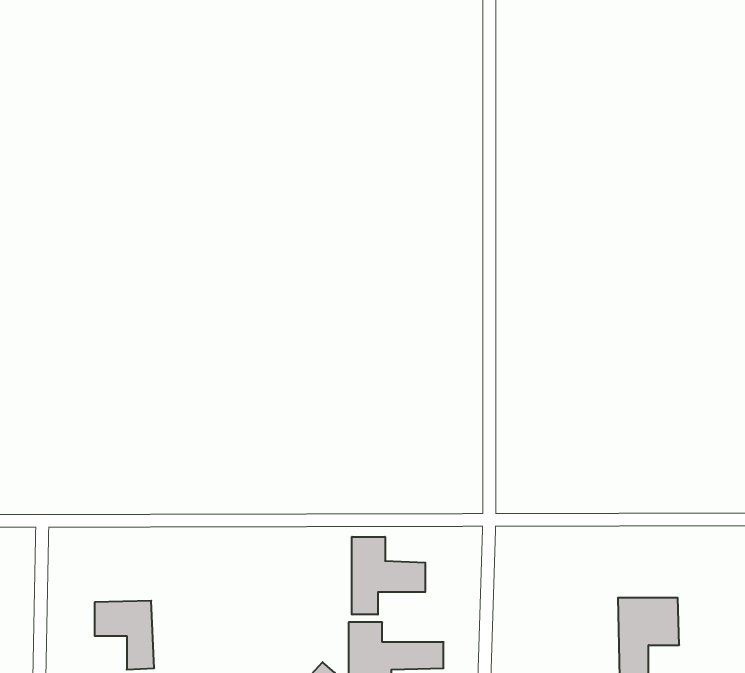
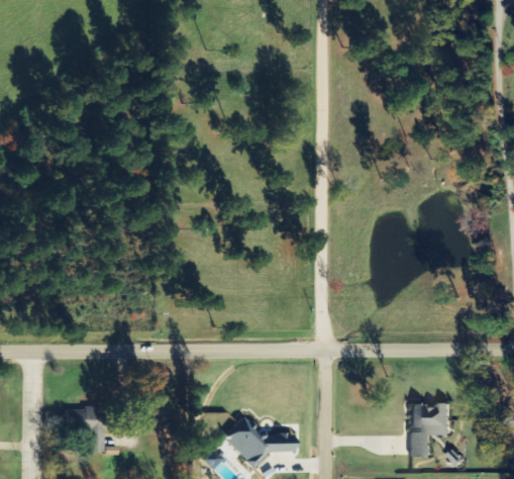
building: [352,537,425,615] -> none

